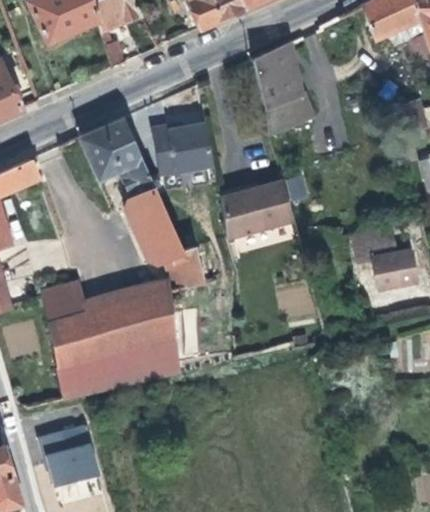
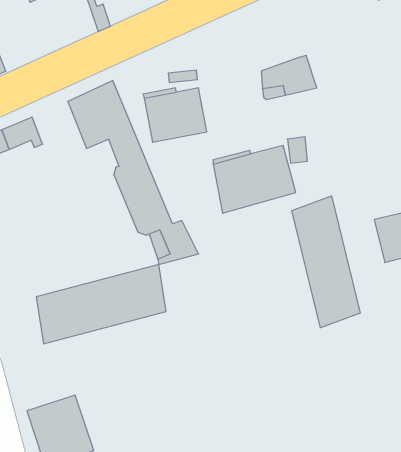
building: [252,45,301,106] -> none
building: none -> [292,196,360,328]
building: [43,286,85,323] -> none
building: [57,337,179,396] -> none

